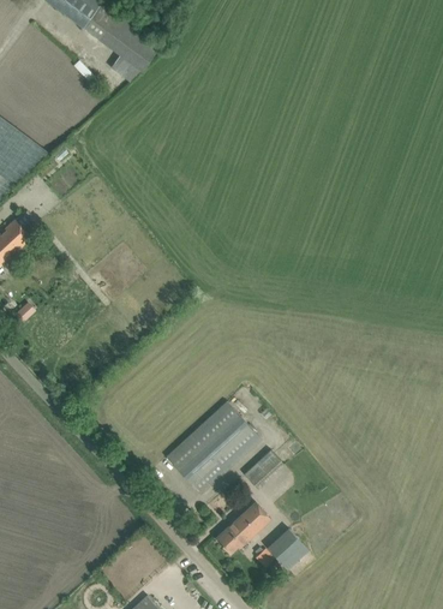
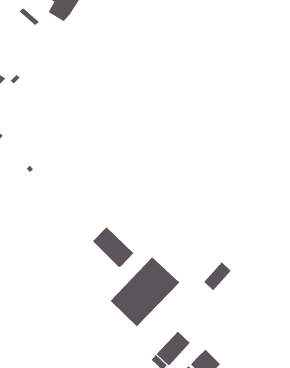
building: none -> [92,227,134,268]
building: [241,450,280,489] -> [203,262,232,291]

